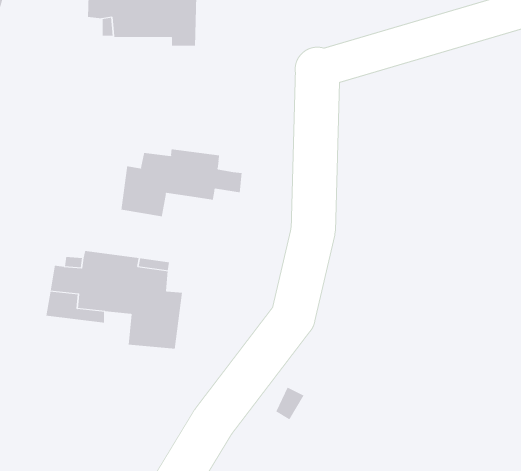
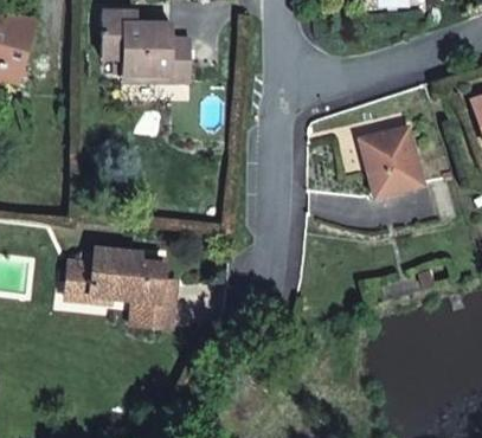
building: none -> [361,128,423,197]
building: [121,148,242,217] -> none

